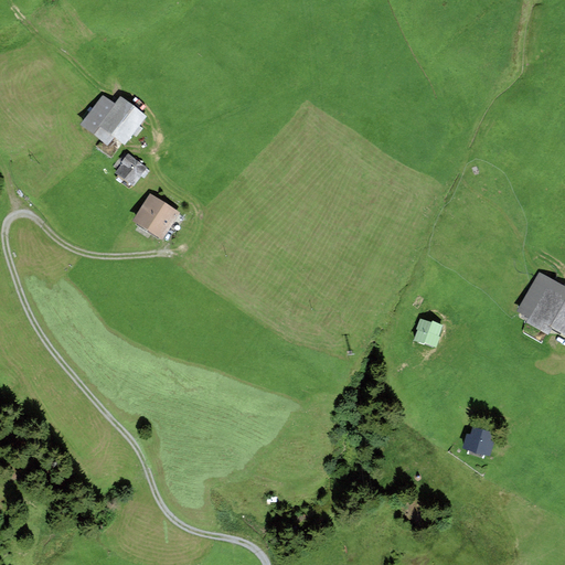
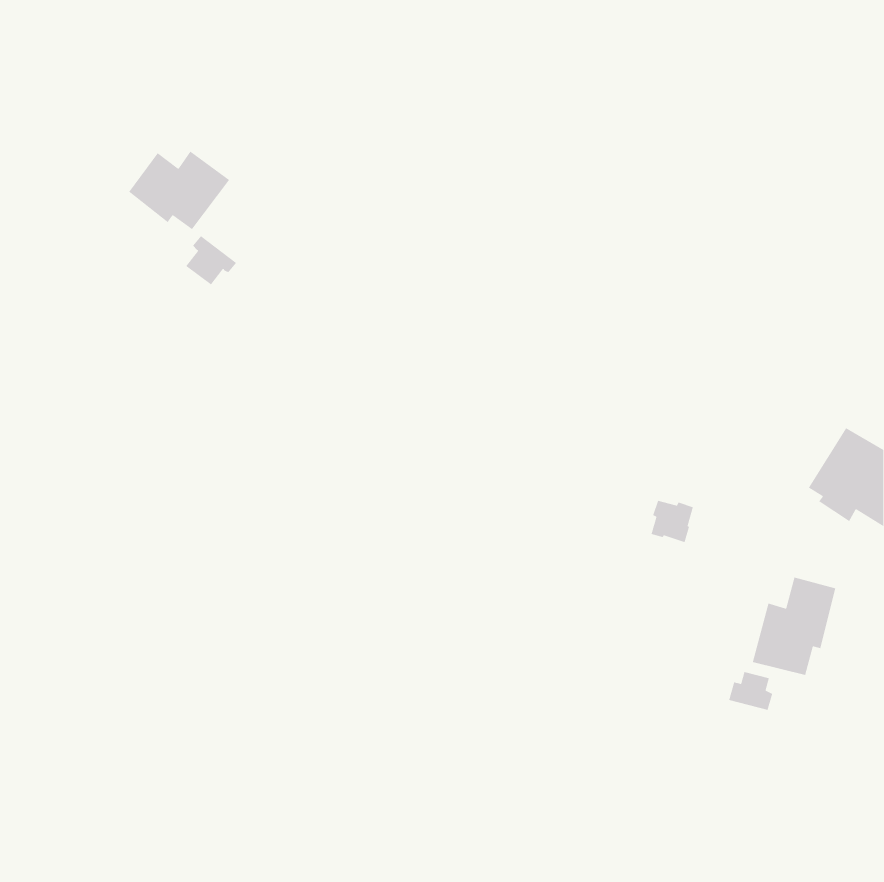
building: [139,196,184,233] -> none
building: none -> [752,576,836,676]

